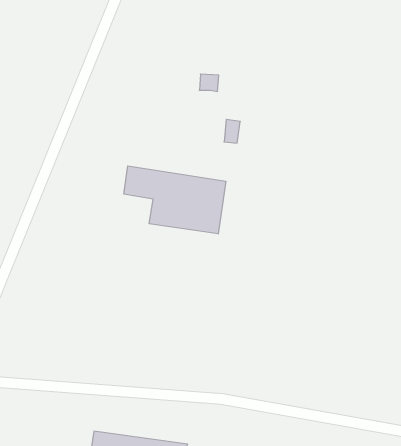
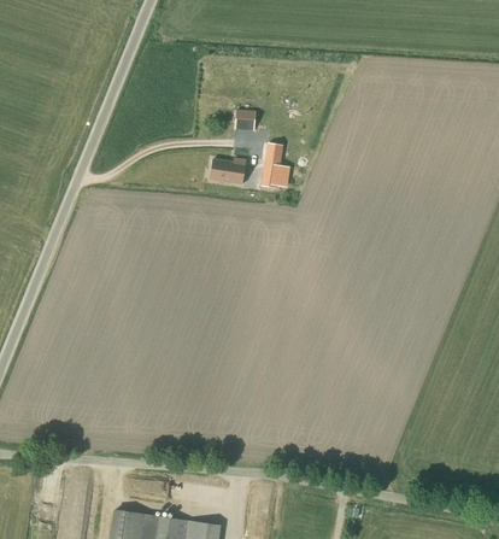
building: none -> [209,158,245,184]
building: [124,166,226,234] -> none

